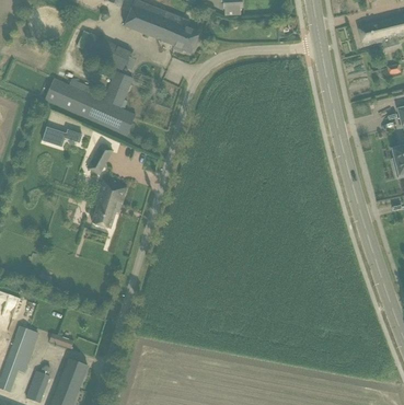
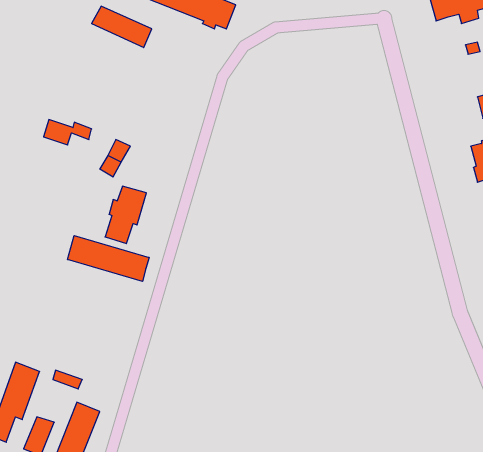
building: [45,69,136,135] -> none
building: none -> [68,236,149,281]

